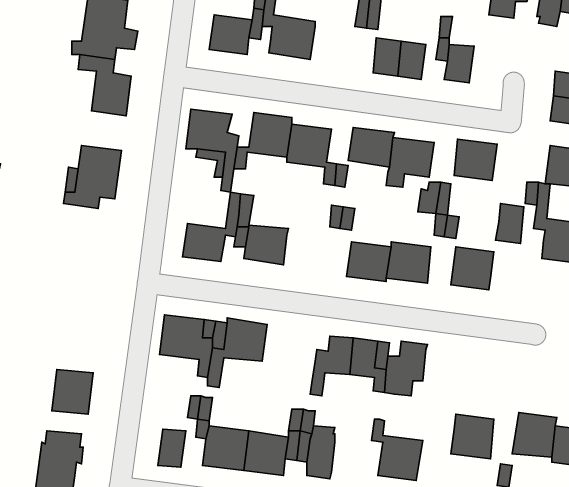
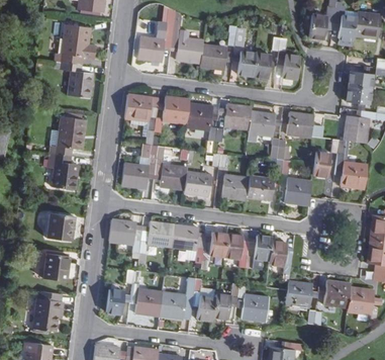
building: none -> [200,43,227,68]
building: none -> [47,152,77,189]
building: none -> [184,171,211,195]
building: none -> [45,213,73,241]
building: none -> [171,226,204,261]
building: none -> [269,241,291,274]
building: none -> [213,282,239,318]

